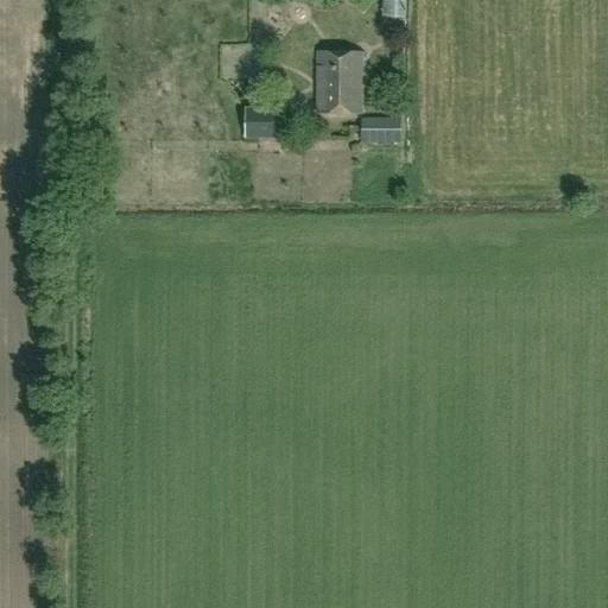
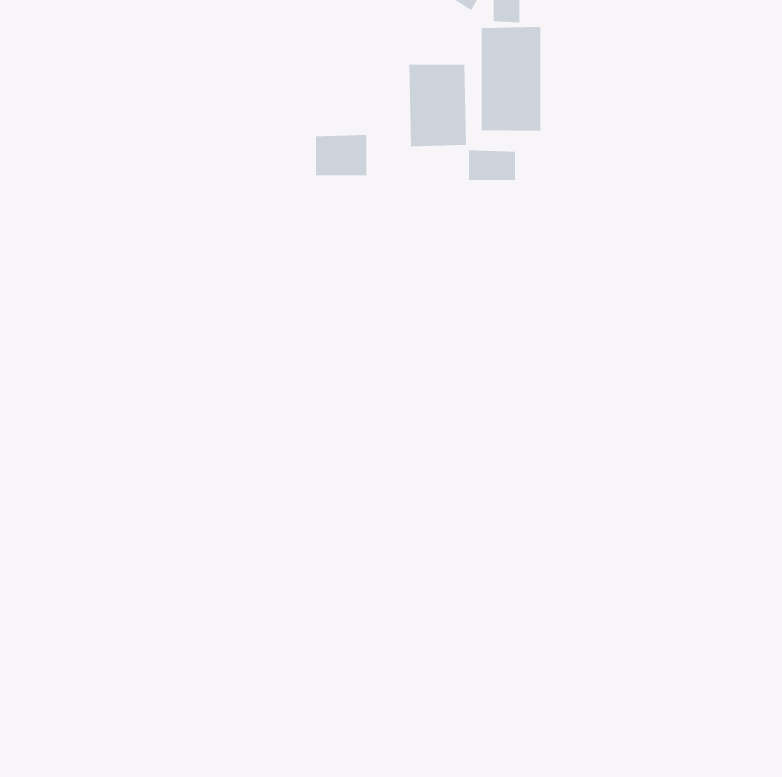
building: none -> [481,26,541,132]

